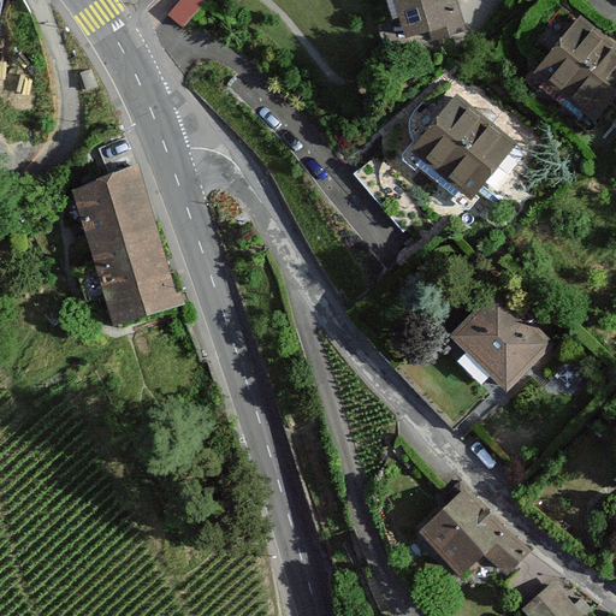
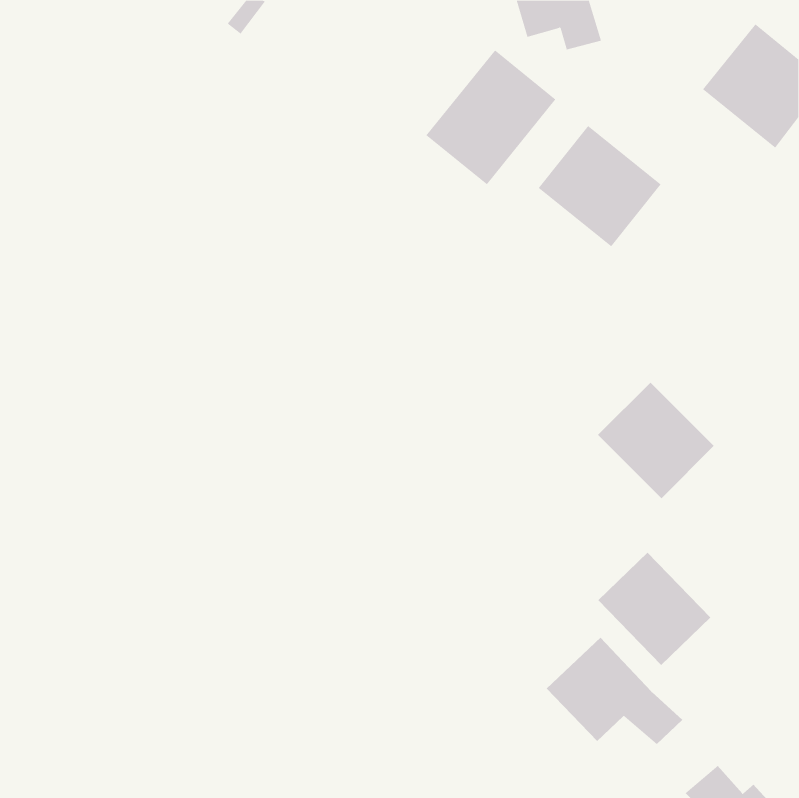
building: none -> [426,50,556,185]
building: [70,167,171,319] -> none
building: none -> [598,552,711,666]

